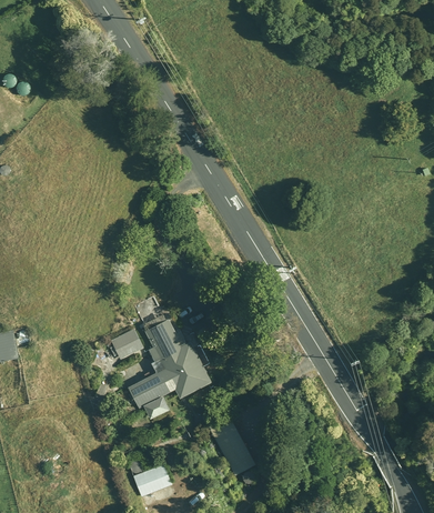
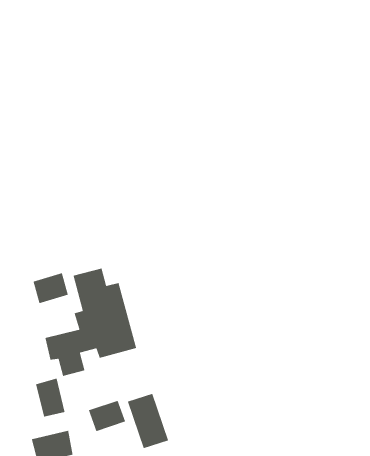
building: none -> [35,377,65,418]
building: none -> [88,400,126,432]

